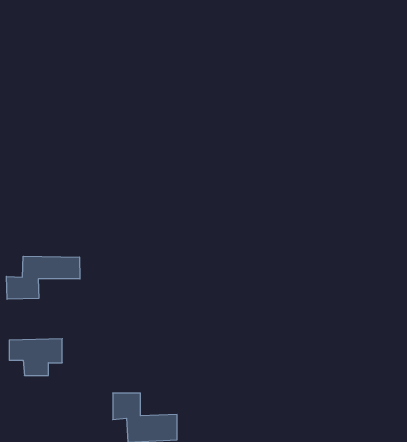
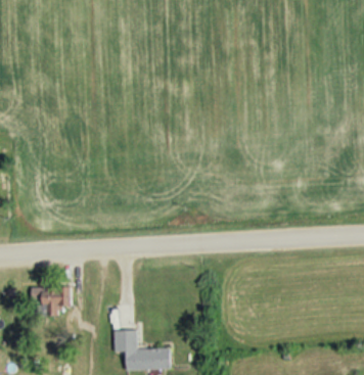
building: [6,256,80,299] -> none

